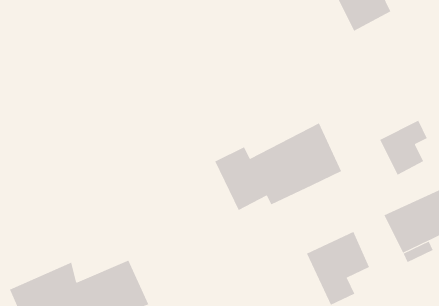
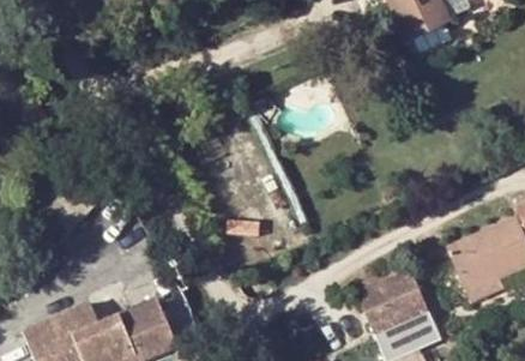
building: [380,120,427,175] -> none
building: [215,123,342,211] -> none

